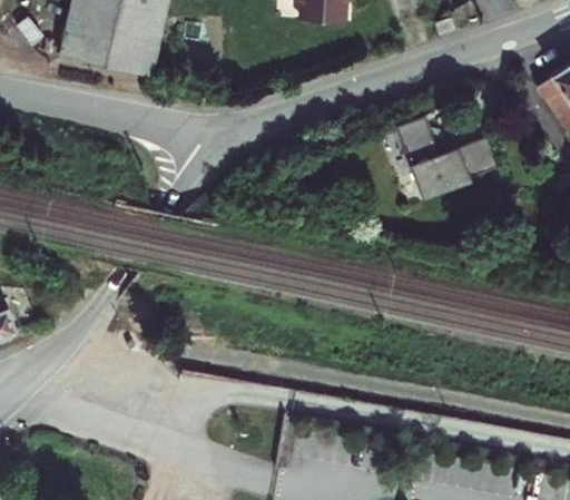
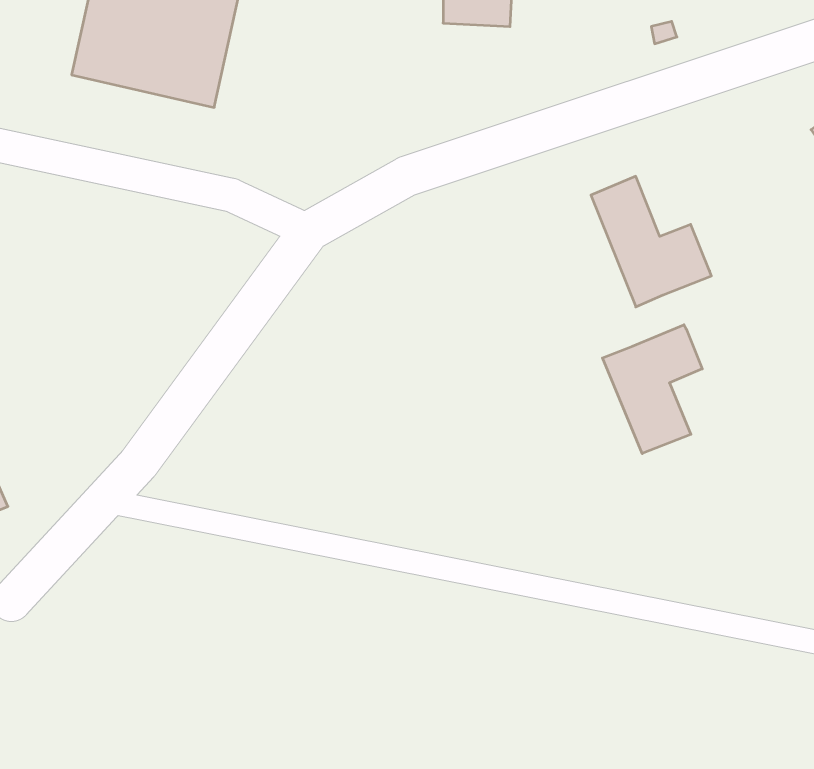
building: [461,135,500,177] -> none
building: none -> [602,325,702,454]

